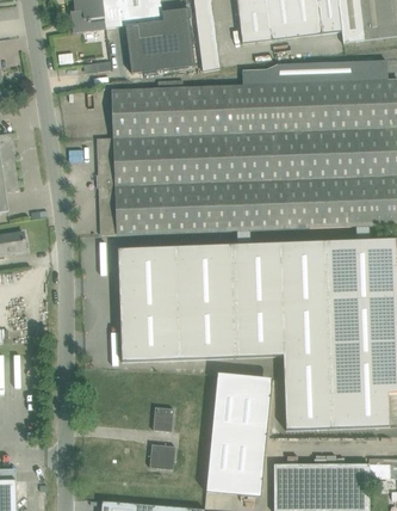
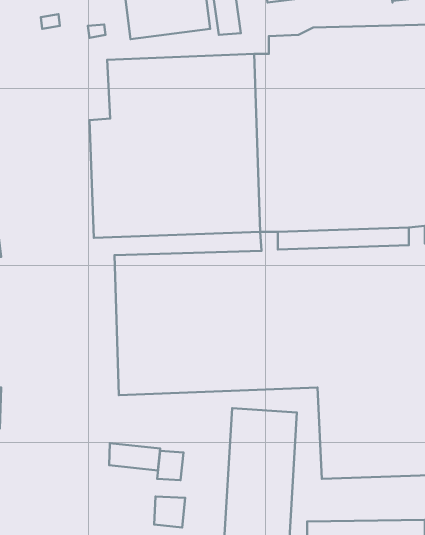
building: none -> [109,443,160,471]

